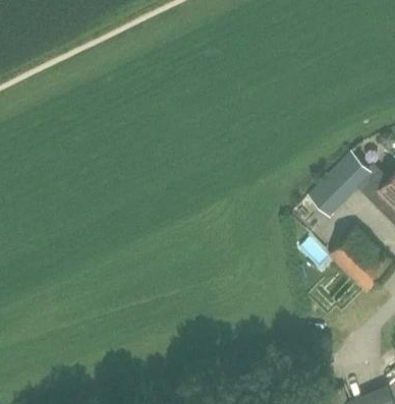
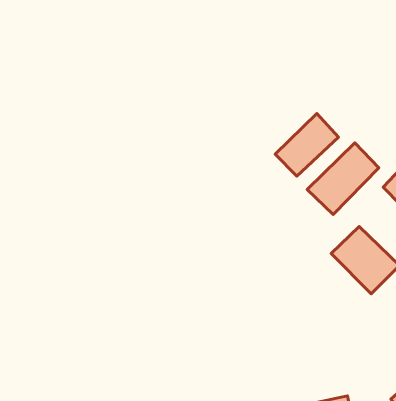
building: none -> [275,114,338,176]

